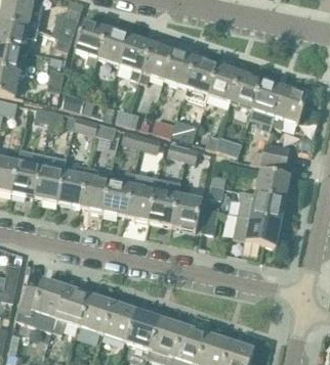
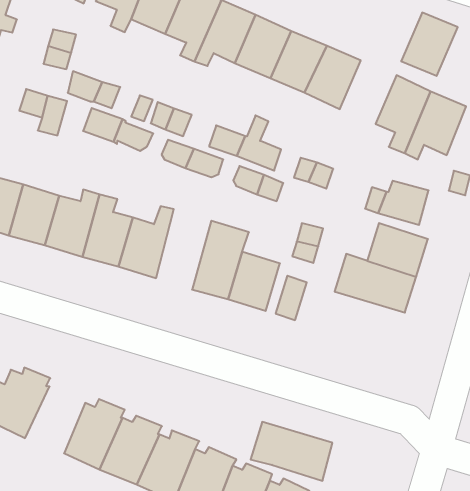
building: [230,72,262,109] -> [401,13,458,76]
building: [126,172,157,220] -> none
building: [231,214,280,246] -> [251,422,332,481]
building: [51,283,90,333] -> none

